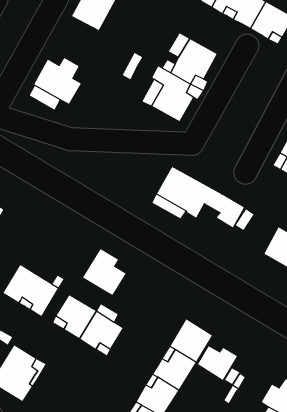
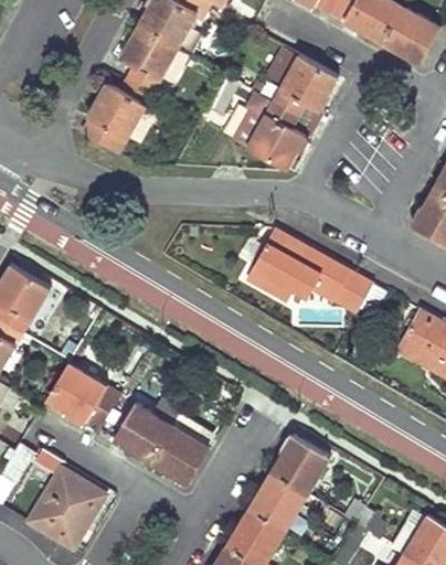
building: none -> [120,26,188,94]
building: [82,248,126,296] -> none
building: [197,345,238,381] -> none

